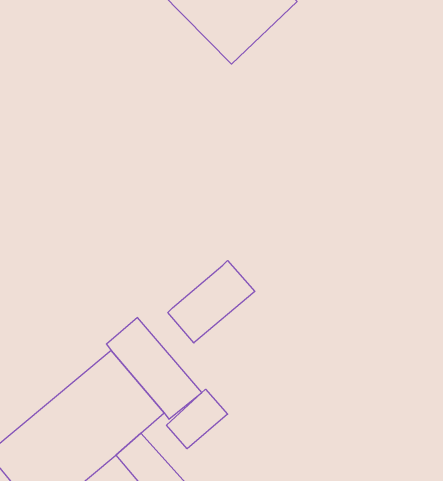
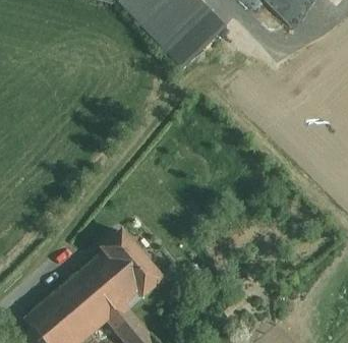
building: [168,261,255,343] -> none
building: [167,389,228,449] -> none

